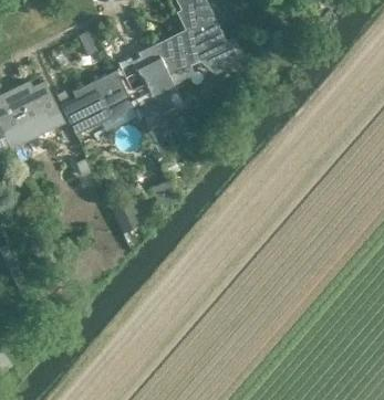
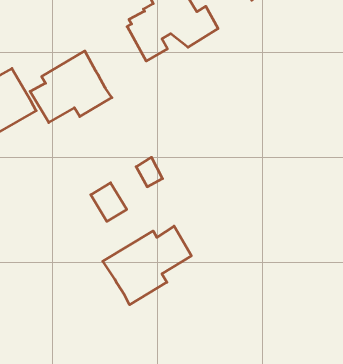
building: [116,44,184,127] -> none
building: none -> [103,226,191,305]

